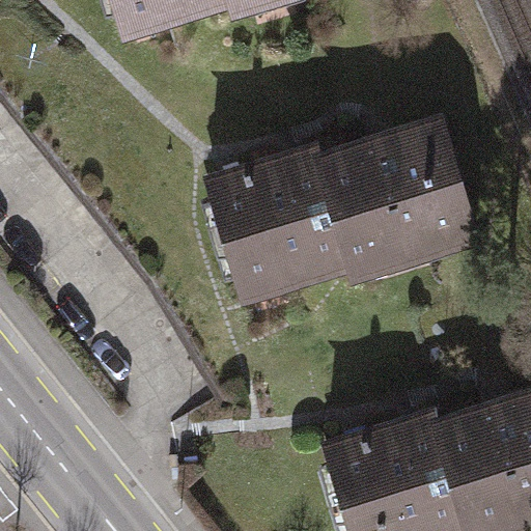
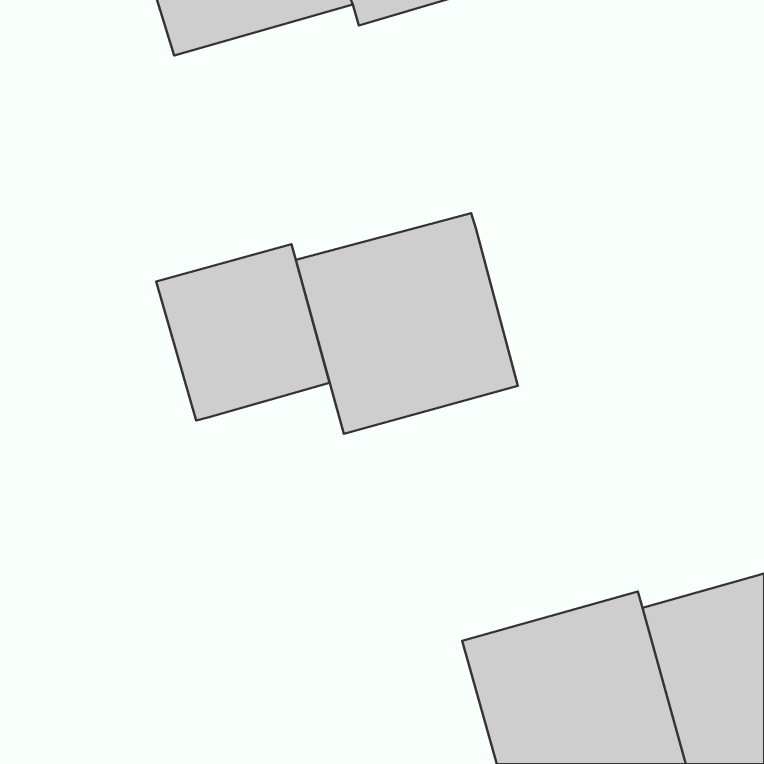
building: [329,122,494,279] -> none
building: none -> [156,244,330,420]

